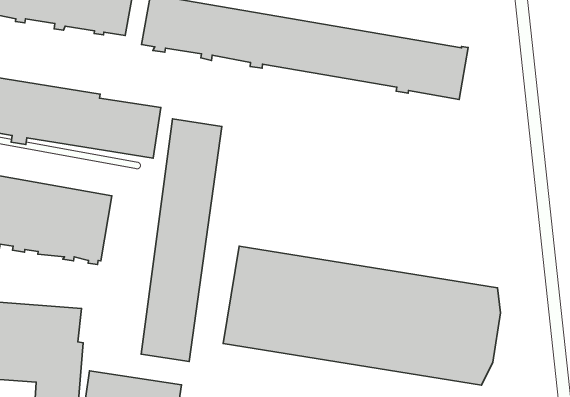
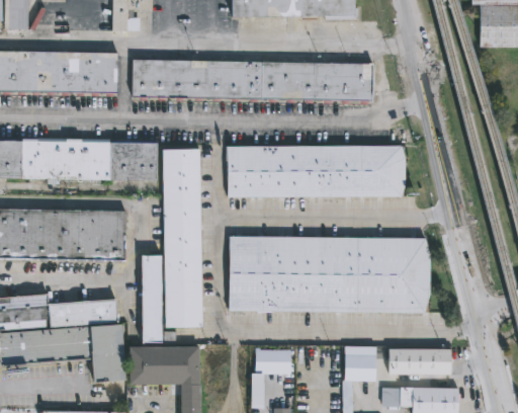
building: none -> [224,145,403,196]
building: none -> [142,255,162,343]

